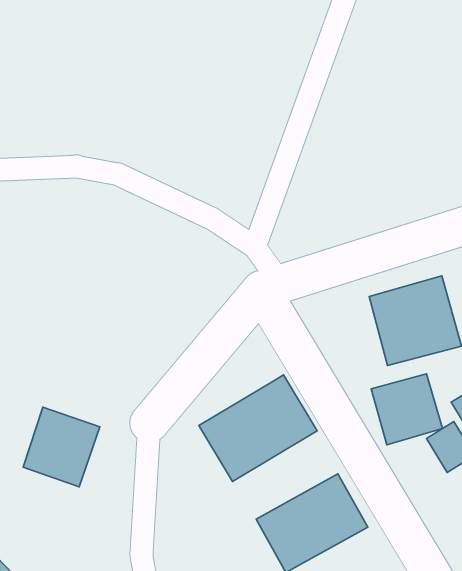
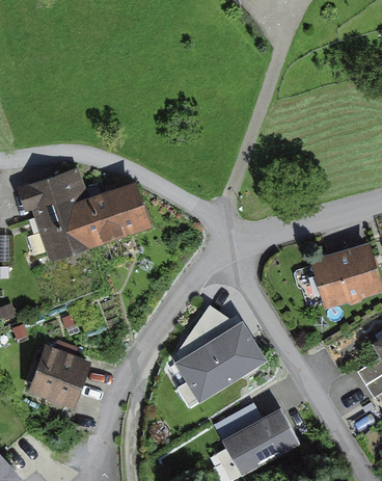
building: none -> [28,167,157,261]
building: none -> [170,304,231,359]
building: [371,374,442,445] -> none

